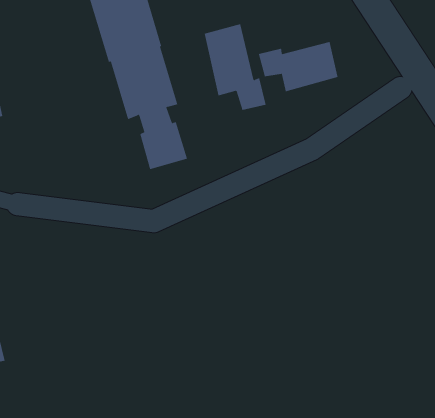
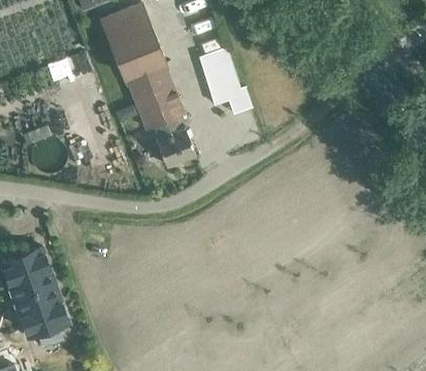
building: [258,41,338,92] -> none

